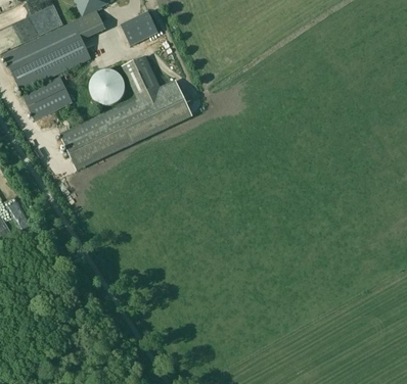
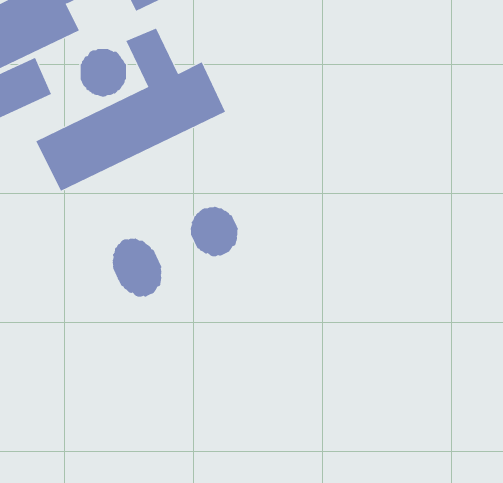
building: none -> [190,206,239,257]
building: none -> [112,238,162,298]

